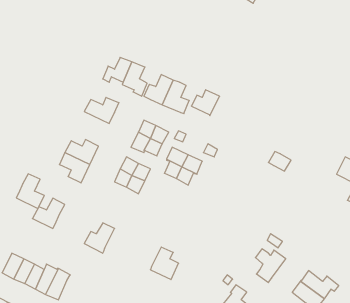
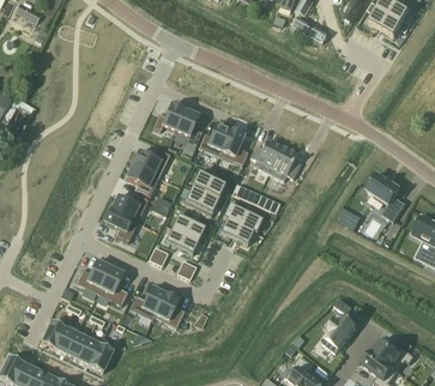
building: none -> [268,146,300,180]
building: none -> [126,163,159,197]
building: none -> [365,173,405,221]
building: [16,174,44,209] -> [97,266,128,304]
building: [150,247,179,280] -> [153,292,185,328]

